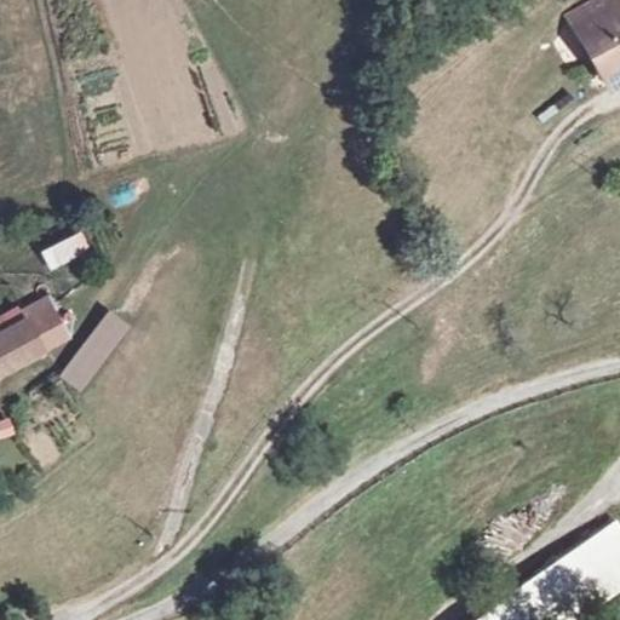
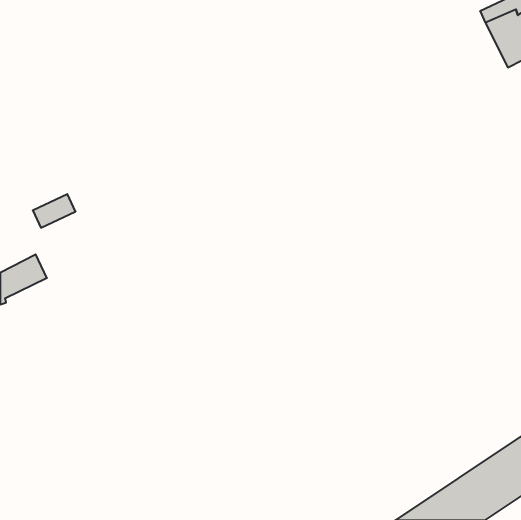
building: [59,309,132,392] -> none

